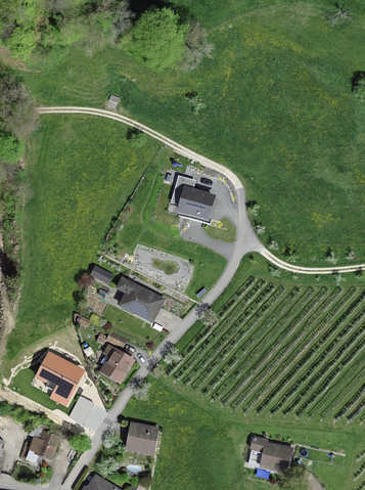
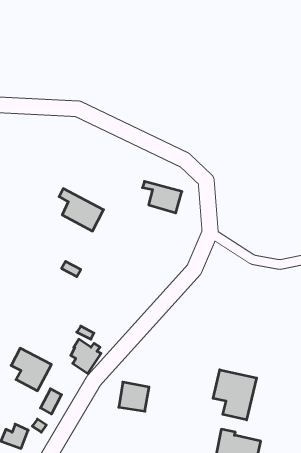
building: [118,278,163,321] -> [59,189,104,231]
building: none -> [213,370,257,420]
building: [127,424,157,453] -> [119,382,149,411]

